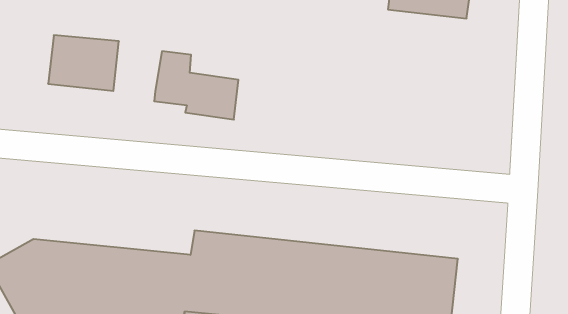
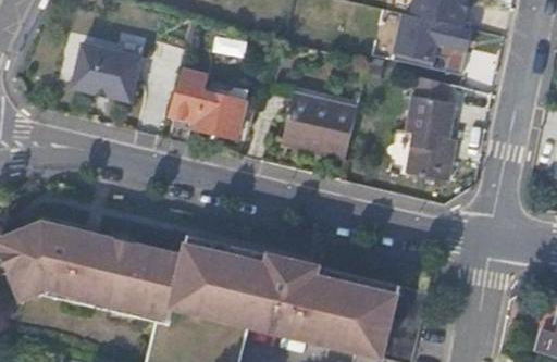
building: none -> [403,75,454,180]
building: none -> [284,90,358,158]

